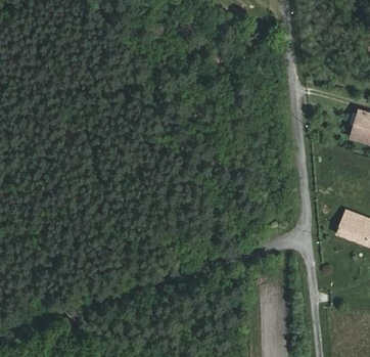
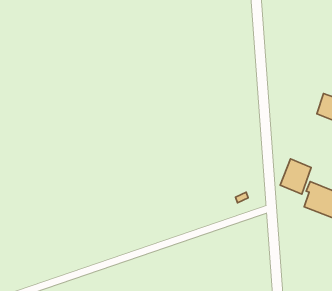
building: none -> [280,159,311,194]

